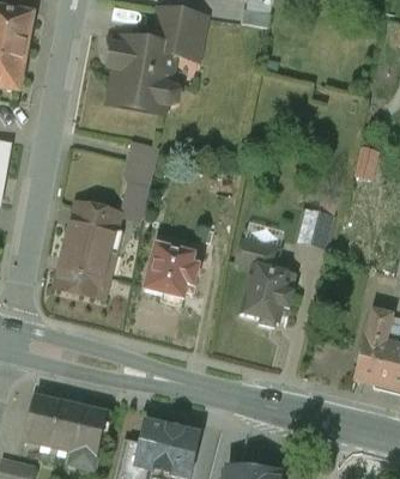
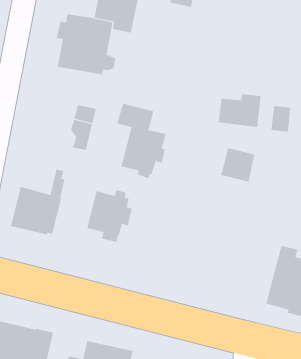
building: none -> [218,94,261,128]
building: [66,202,110,249] -> none
building: [235,238,293,327] -> [116,103,167,179]

